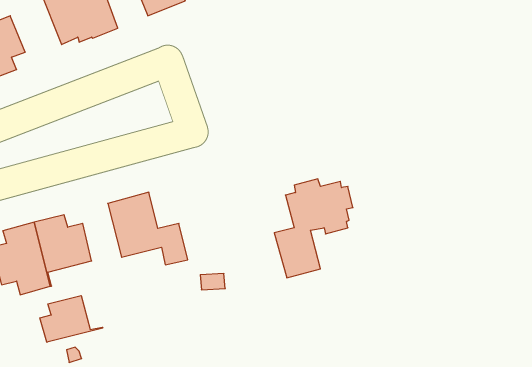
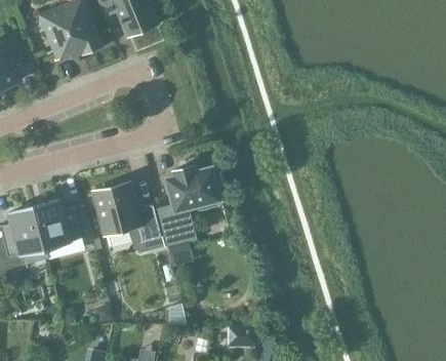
building: [274,179,353,278] -> [157,166,221,247]
building: [40,296,103,342] -> none

